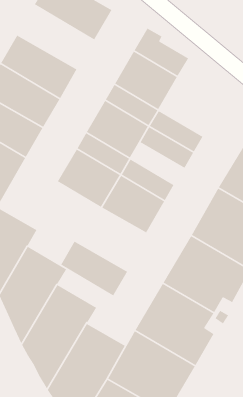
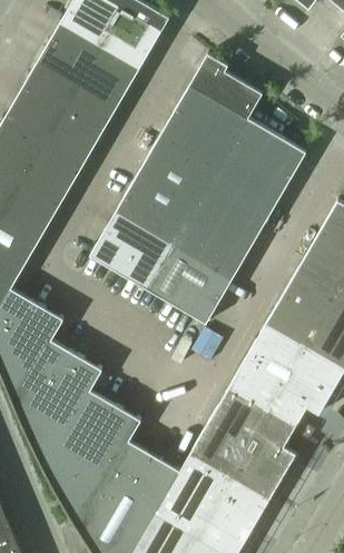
building: none -> [38,23,139,108]
building: none -> [223,118,307,196]
building: none -> [186,204,257,259]
building: [60,240,128,296] -> none

